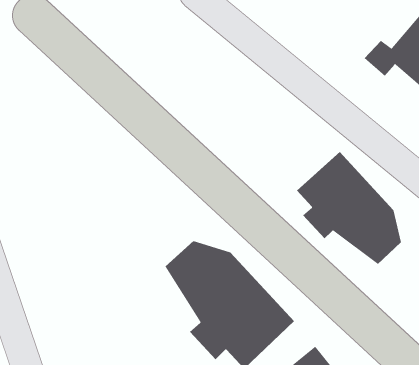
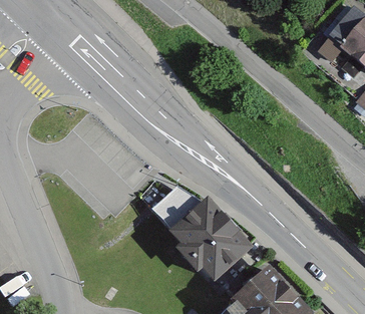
building: [296,151,402,265] -> none

